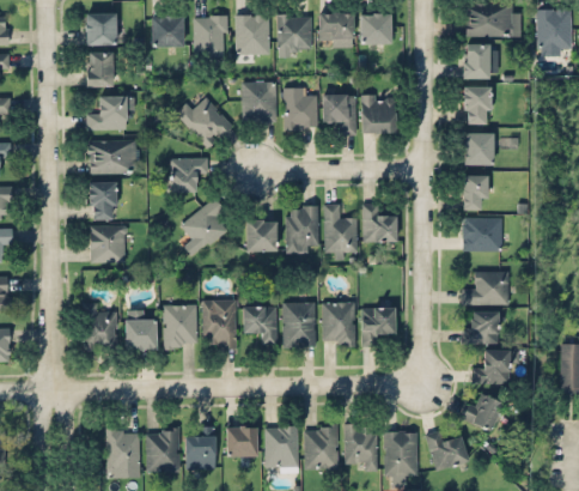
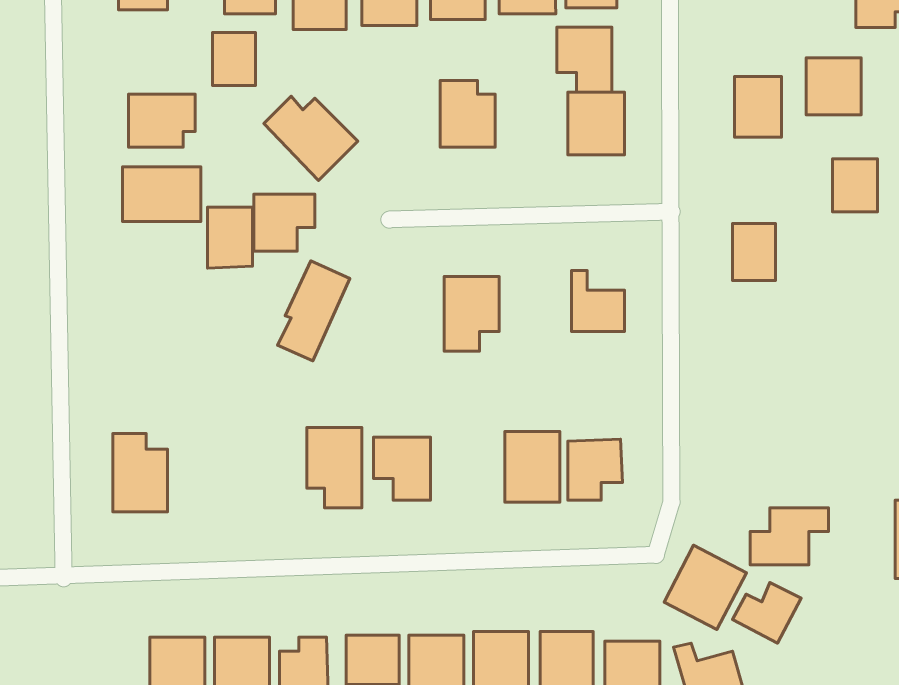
building: [464,43,498,78] -> [806,58,861,115]
building: [87,53,114,85] -> [212,33,256,86]
building: [242,81,276,121] -> none
building: [323,93,356,133] -> [557,27,612,92]
building: [464,132,492,164] -> [832,159,878,212]
building: [90,182,117,219] -> [207,207,252,268]
building: [324,204,356,256] -> none
building: [462,217,502,250] -> none
building: [245,219,278,251] -> none
building: [91,225,126,262] -> none
building: [462,271,508,304] -> none
building: [282,302,315,347] -> none
building: [163,304,197,348] -> none
building: [126,310,157,350] -> none
building: [462,310,498,344] -> none
building: none -> [664,545,747,630]

